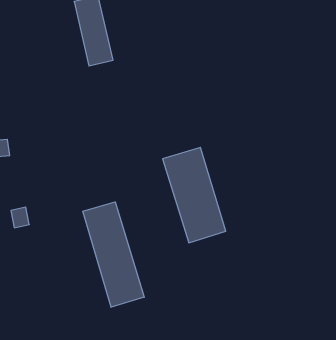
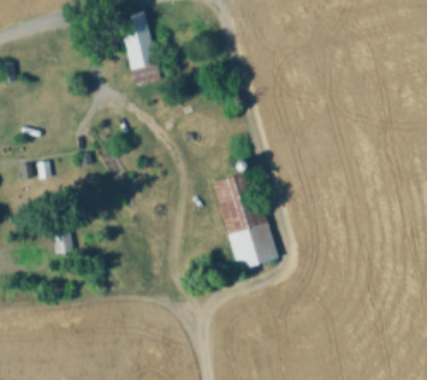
building: [83,202,144,307] -> none

